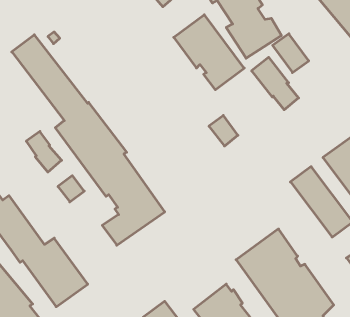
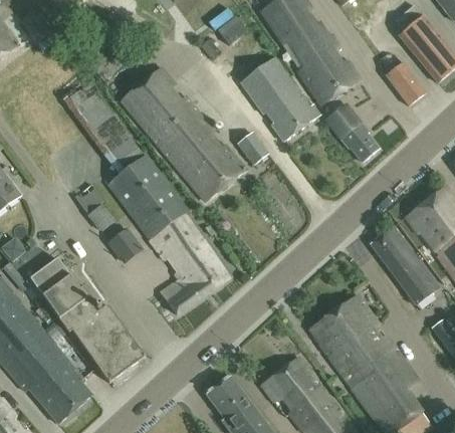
building: none -> [122,66,246,200]
building: [273,34,309,73] -> [386,61,426,104]
building: [209,115,238,146] -> [236,131,268,165]

